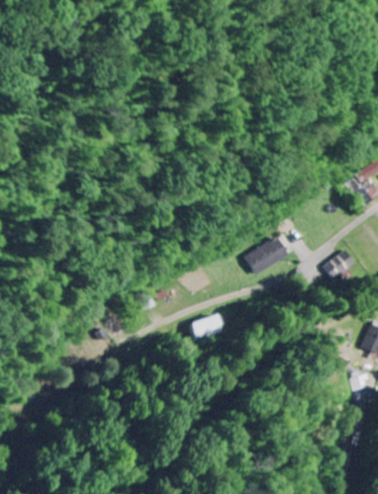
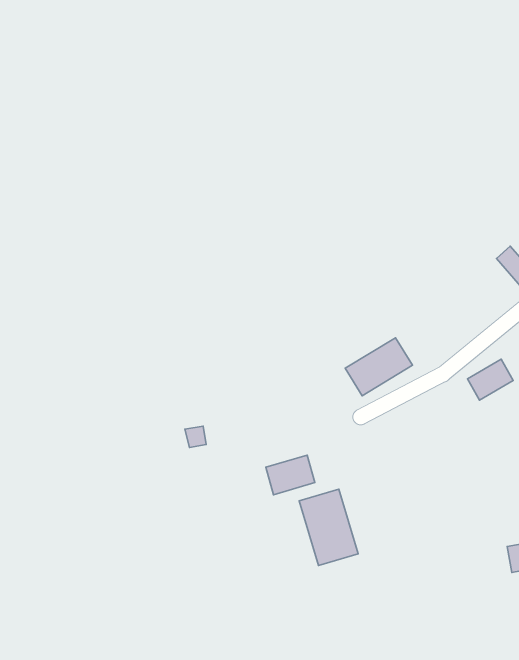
building: none -> [299,489,358,565]

